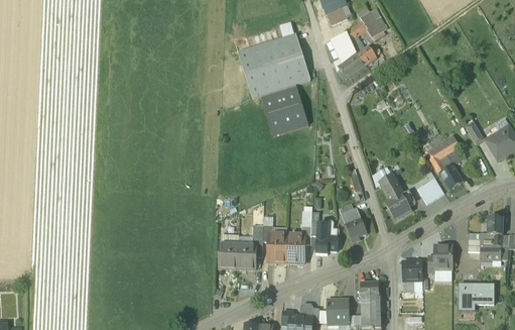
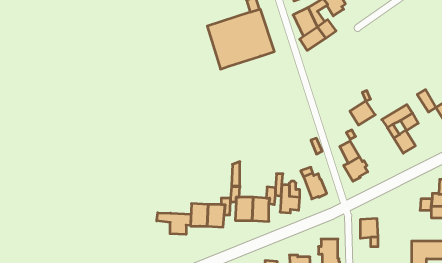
building: [260,84,307,135] -> none
building: [416,177,443,203] -> [350,101,375,125]
building: [433,244,452,267] -> none
building: none -> [157,213,191,234]

